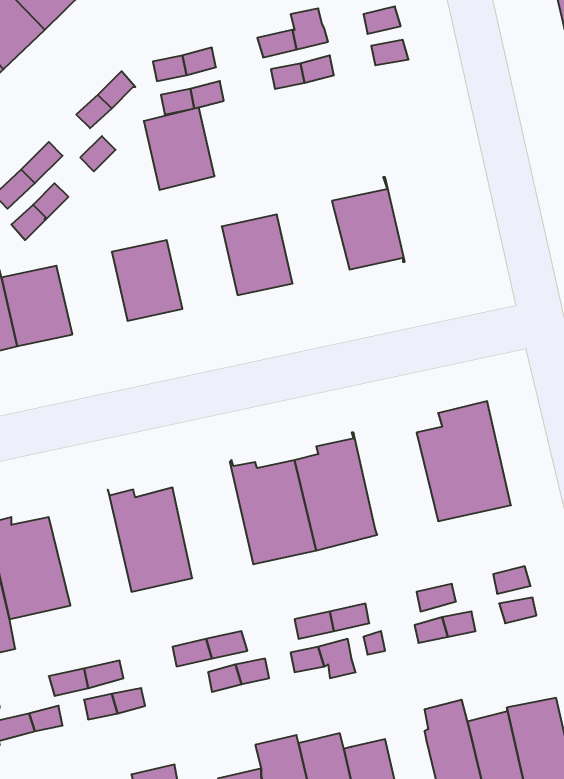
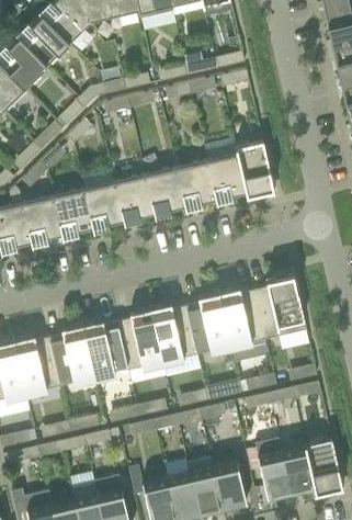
building: [144,107,215,190] -> [114,176,154,222]
building: none -> [236,142,273,195]
building: none -> [175,161,216,207]
building: none -> [53,190,92,236]
building: none -> [218,291,265,348]
building: none -> [117,307,162,372]
building: none -> [48,323,94,387]

